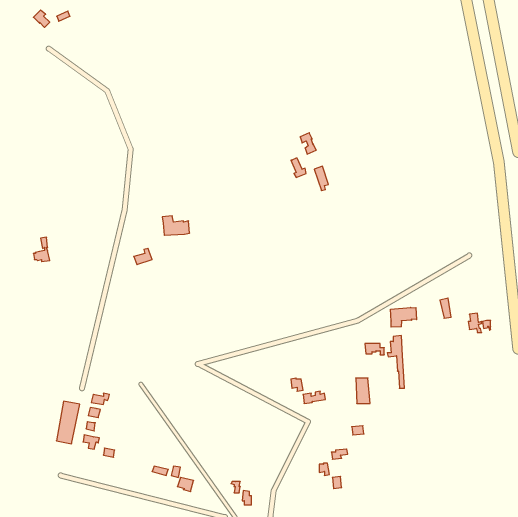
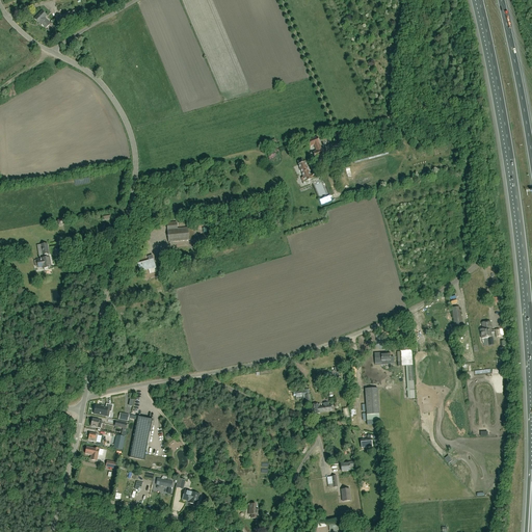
building: [391,307,417,327] -> none
building: [56,401,80,444] -> [129,416,153,459]

